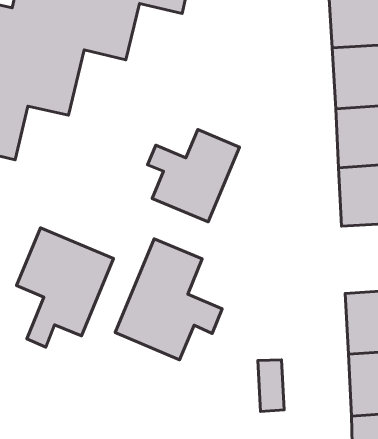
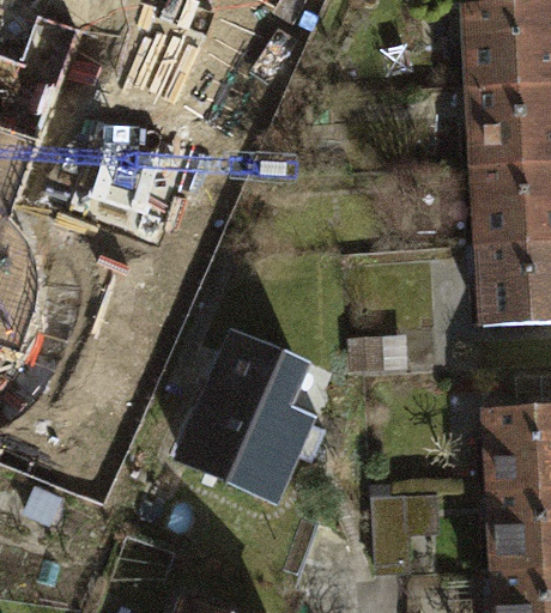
building: [147,130,239,222] -> none
building: [16,228,114,347] -> none

